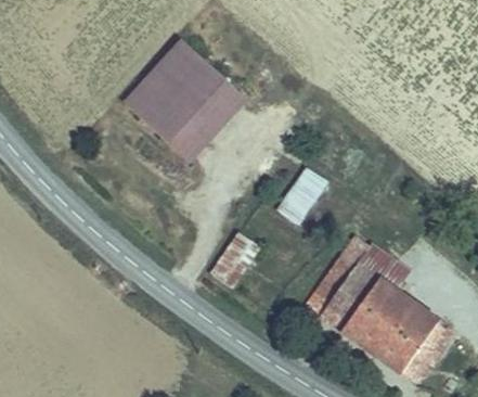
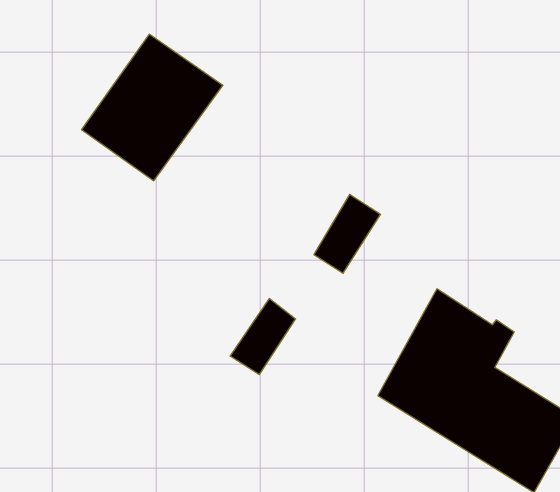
building: [169,79,244,157] -> none

